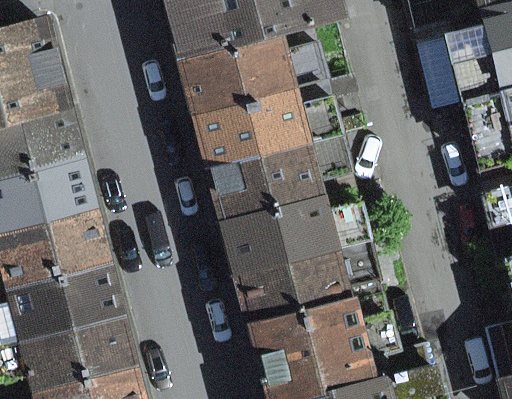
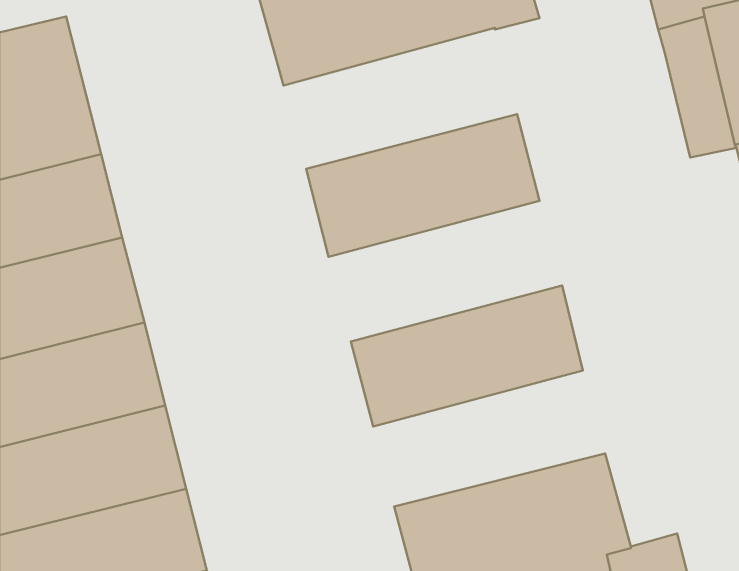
building: [179,28,325,116] -> none
building: [207,136,353,224] -> none
building: [235,242,380,327] -> none

